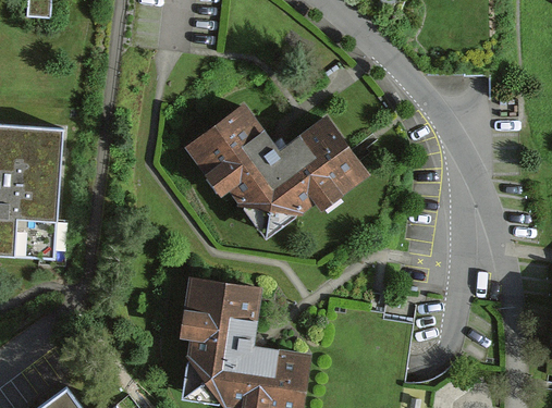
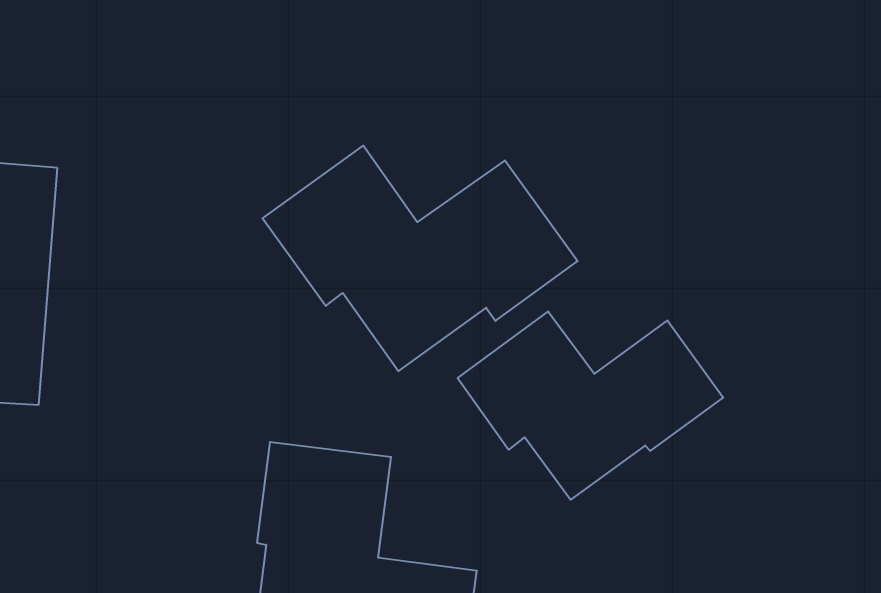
building: none -> [458,311,723,500]

